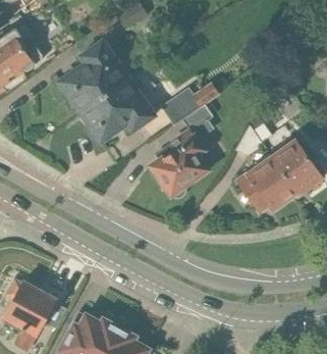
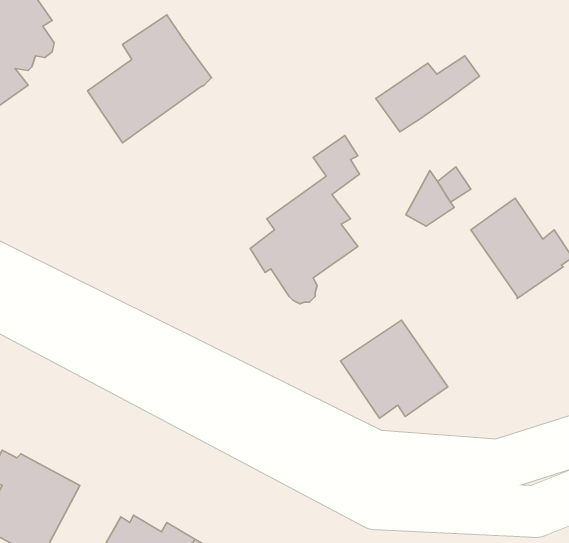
building: [78,74,155,141] -> none
building: [159,84,216,125] -> [376,56,480,132]
building: [236,158,295,212] -> [340,320,448,418]

